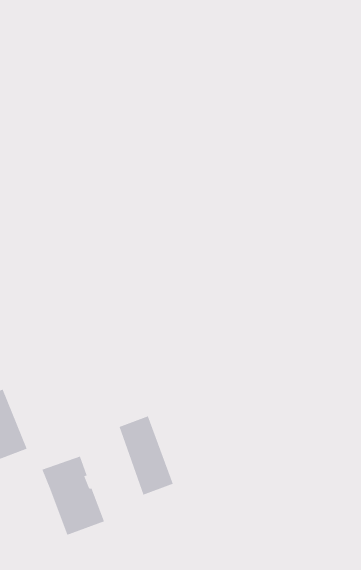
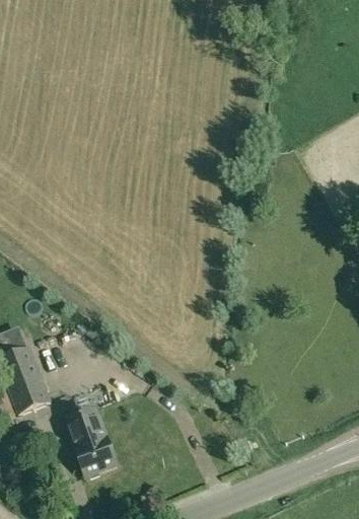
building: [119,416,173,496] -> none

